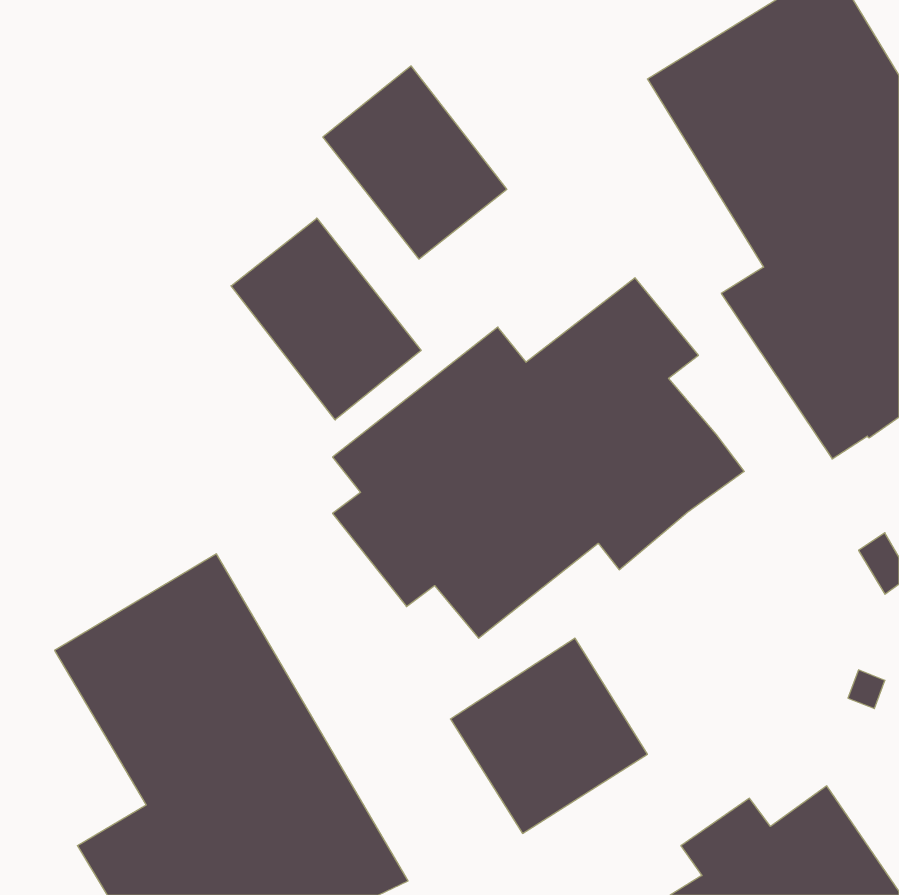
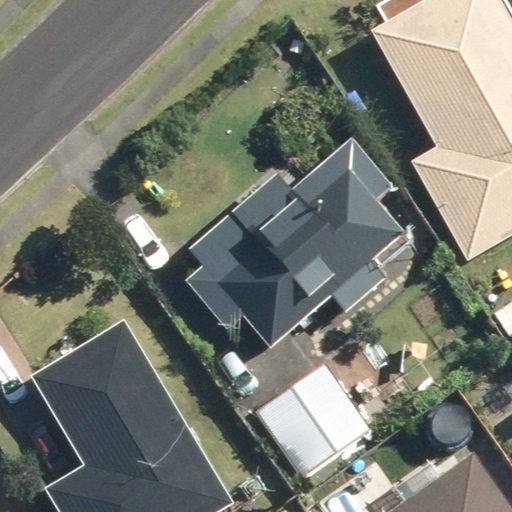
building: [323,66,507,259] -> none
building: [231,218,421,420] -> none

